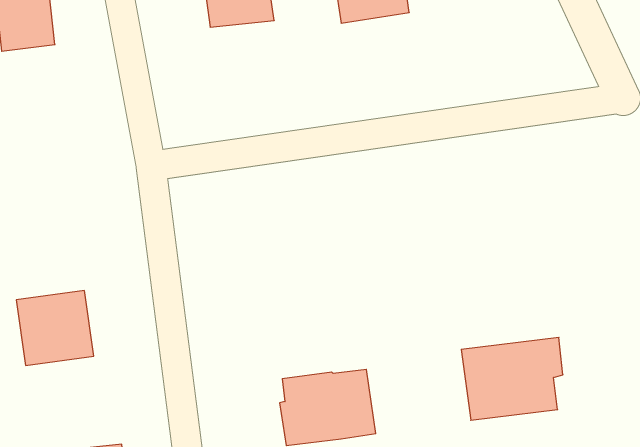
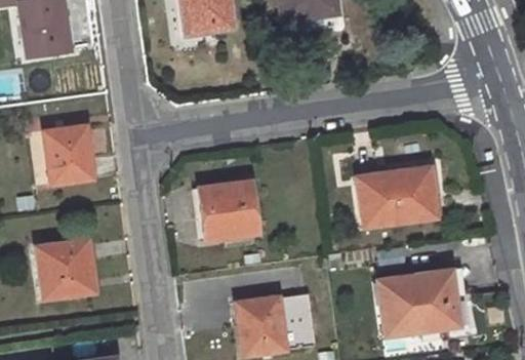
building: none -> [43,121,93,181]
building: none -> [357,171,435,224]
building: none -> [198,179,257,238]

